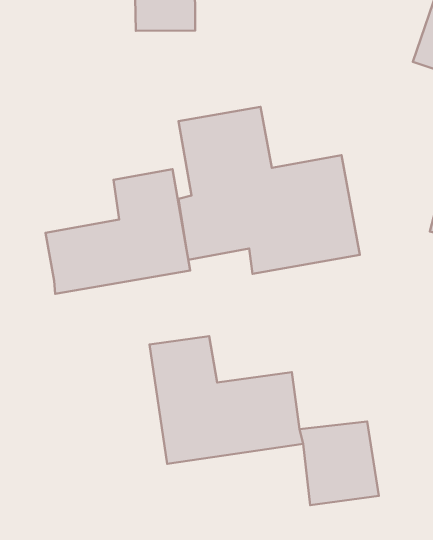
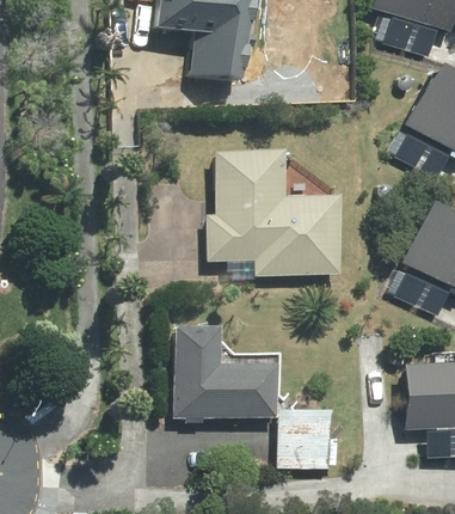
building: [45,169,190,294] -> none

